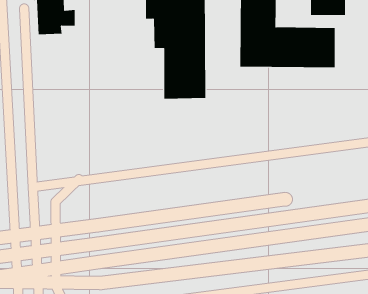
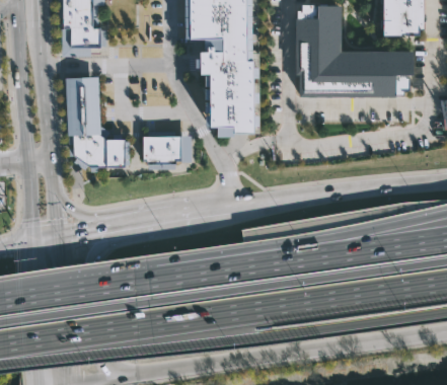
building: none -> [67,74,126,167]
building: none -> [144,136,192,169]

